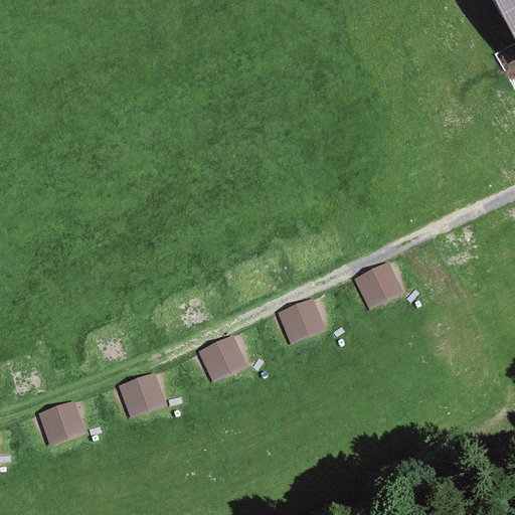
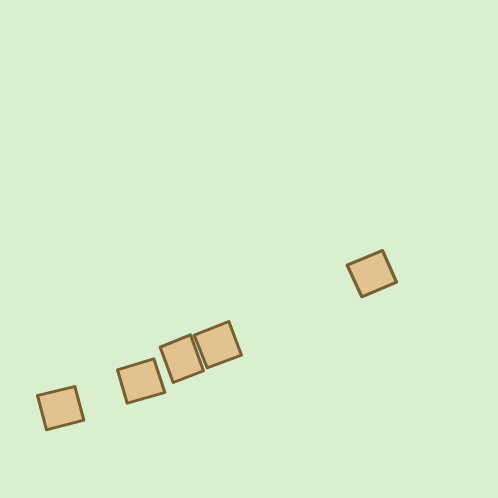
building: [275,299,323,346] -> none
building: none -> [160,335,203,382]

